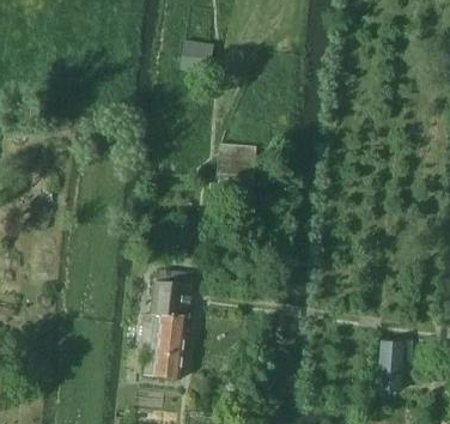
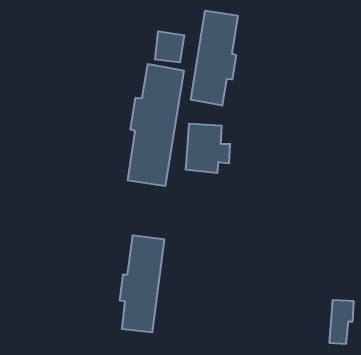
building: none -> [191,11,238,106]
building: none -> [128,64,184,186]

